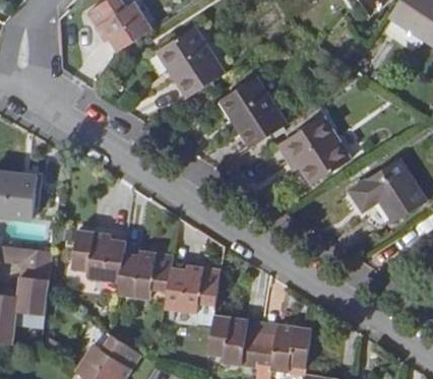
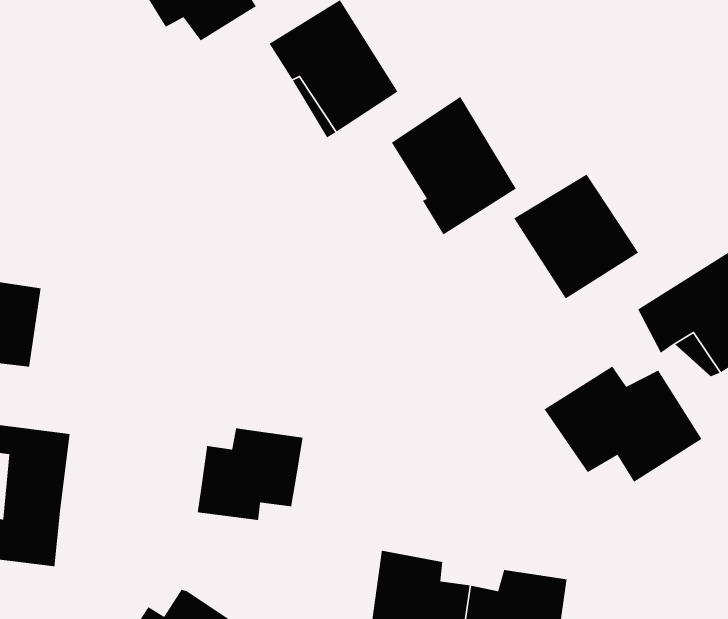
building: none -> [544,366,703,483]
building: [72,228,125,281] -> none
building: [166,265,221,313] -> none

